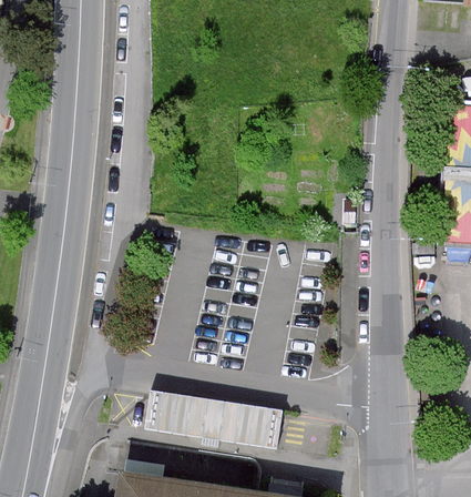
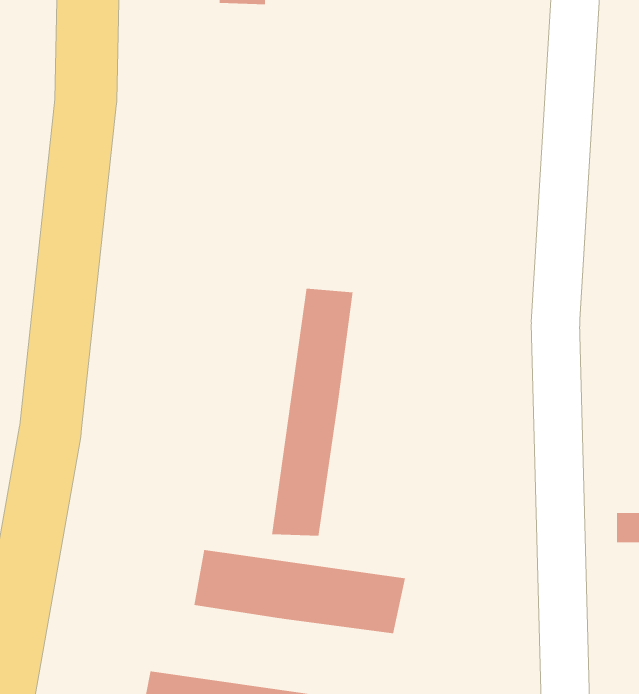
building: none -> [271,288,353,537]

